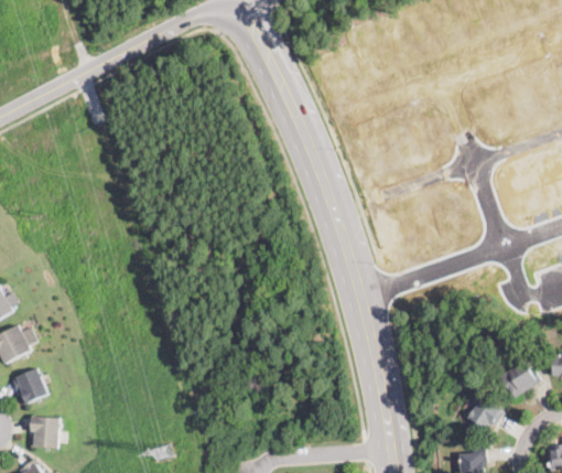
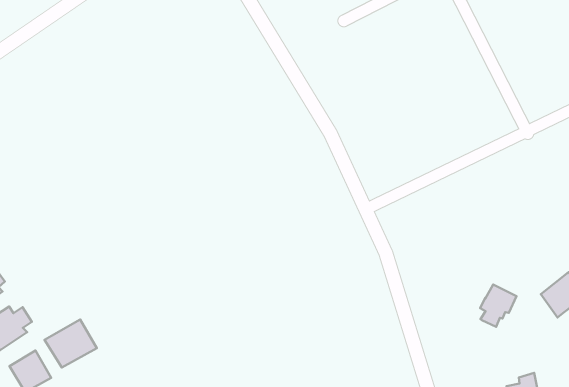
building: none -> [45,319,97,367]
building: [466,398,501,437] -> [480,284,517,327]

